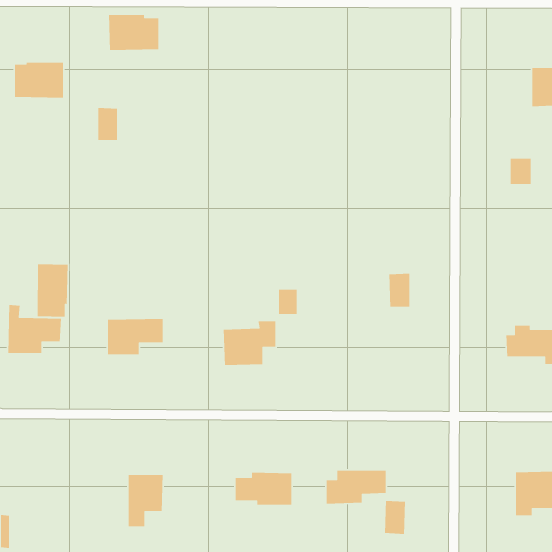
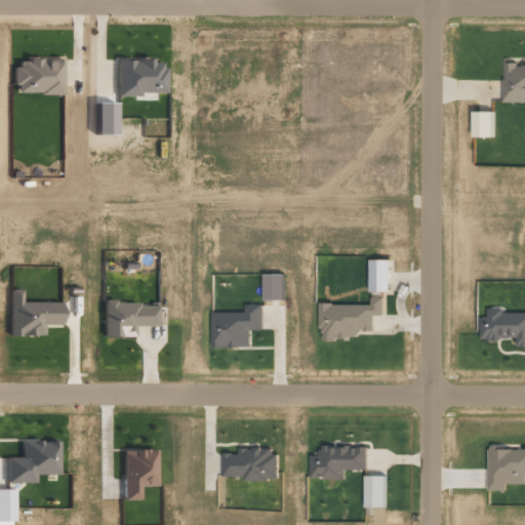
building: [108,14,159,51] -> [116,58,164,93]
building: [510,158,531,185] -> [473,111,493,136]
building: [37,263,68,317] -> none
building: none -> [320,297,383,338]
building: none -> [5,439,57,481]

